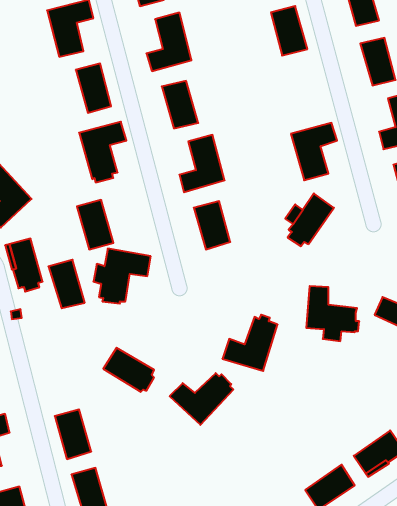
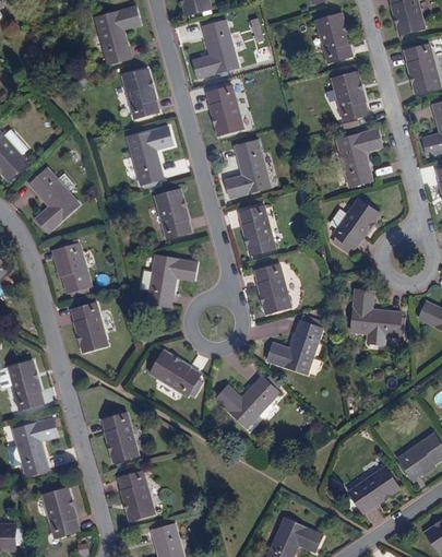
building: none -> [332,72,367,120]
building: [77,200,113,249] -> [154,189,190,238]
building: none -> [255,264,290,313]
building: [48,260,85,308] -> [71,304,107,352]

